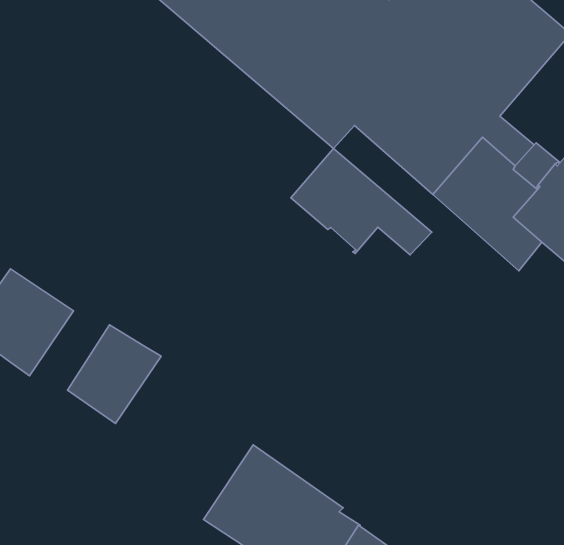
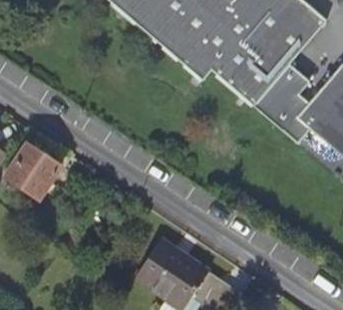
building: [291,148,432,255] -> none
building: [67,325,161,423] -> none

